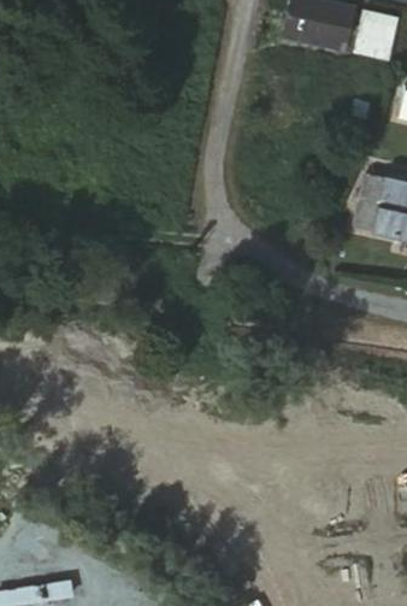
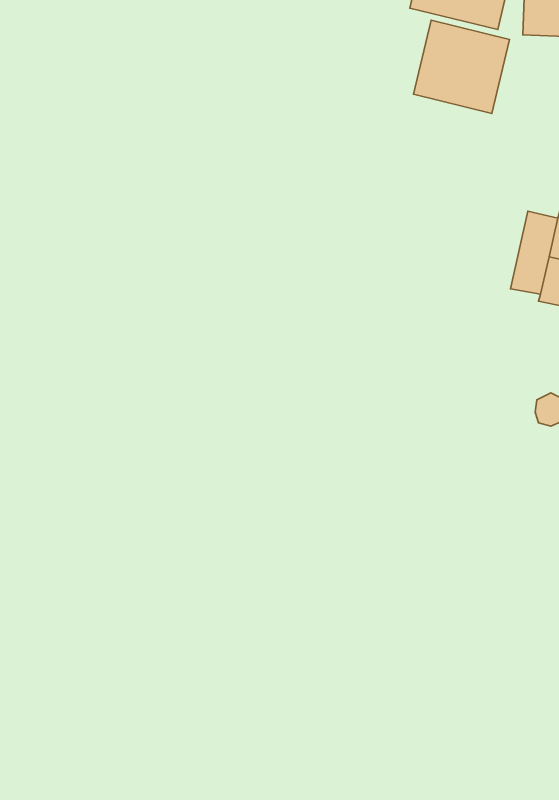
building: none -> [413,20,510,113]

